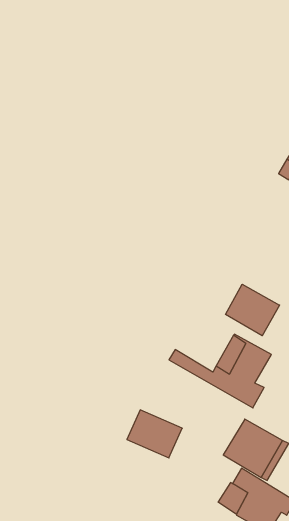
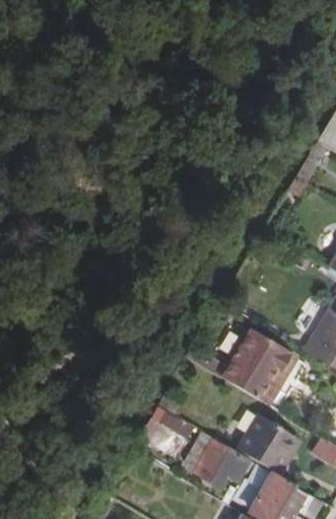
building: [226,284,280,336] -> none
building: none -> [193,437,250,486]

